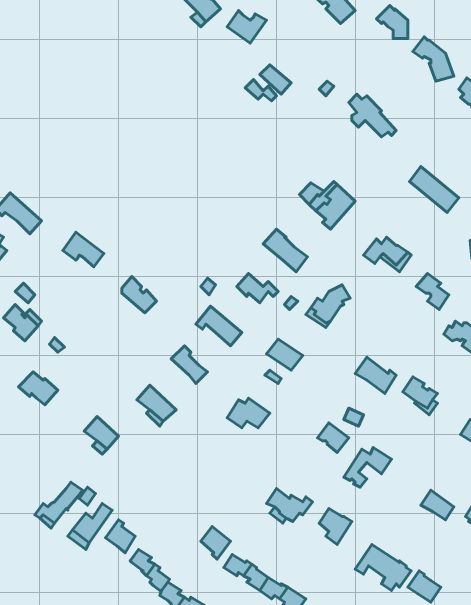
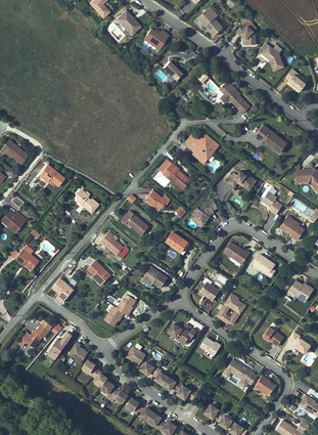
building: none -> [104,295,136,328]

